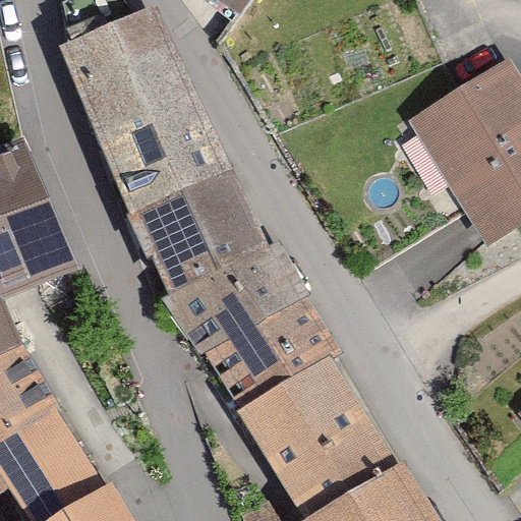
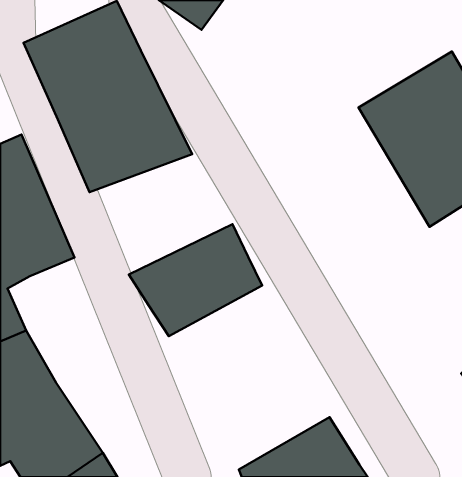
building: [114,168,270,299] -> none
building: [200,311,372,501] -> none

